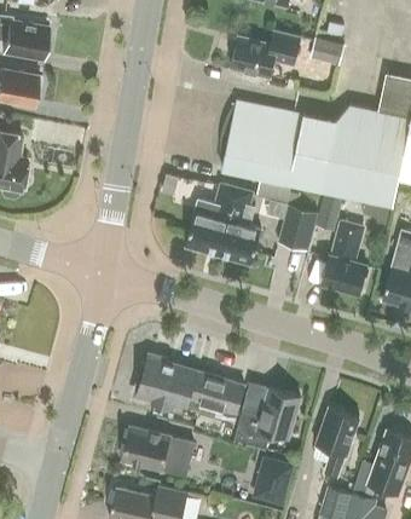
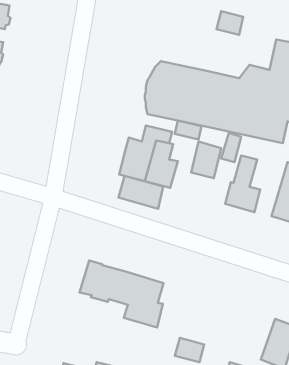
building: [232,34,302,76] -> none
building: none -> [118,176,163,209]
building: [236,388,300,450] -> none
building: [317,406,360,474] -> none
building: [122,427,193,474] -> none

